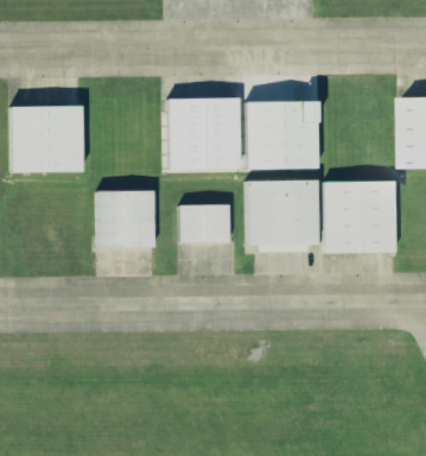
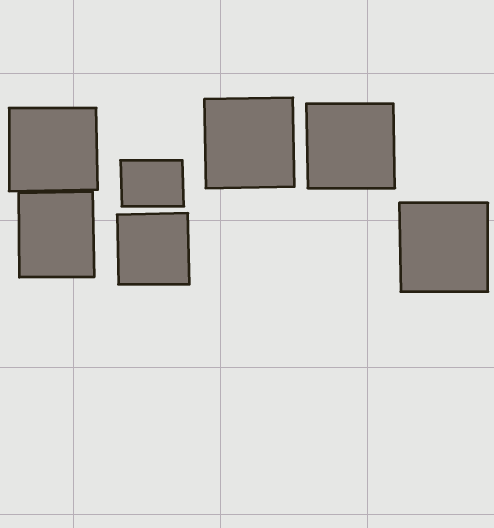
building: none -> [19,191,94,277]
building: [246,180,318,245] -> none
building: [179,205,230,242] -> [120,160,184,206]

